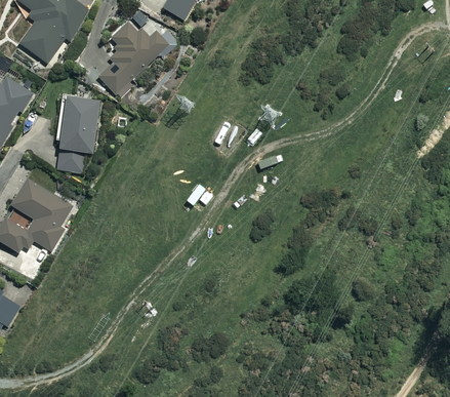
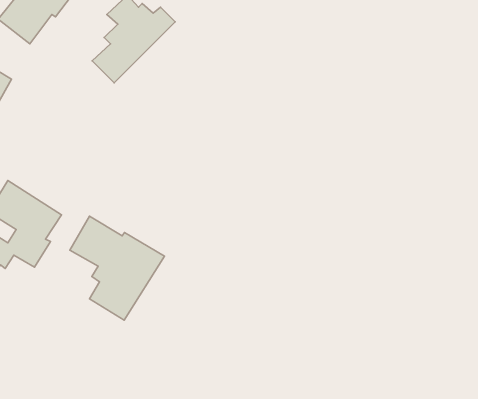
building: [56,95,99,173] -> none
building: none -> [70,216,164,320]

